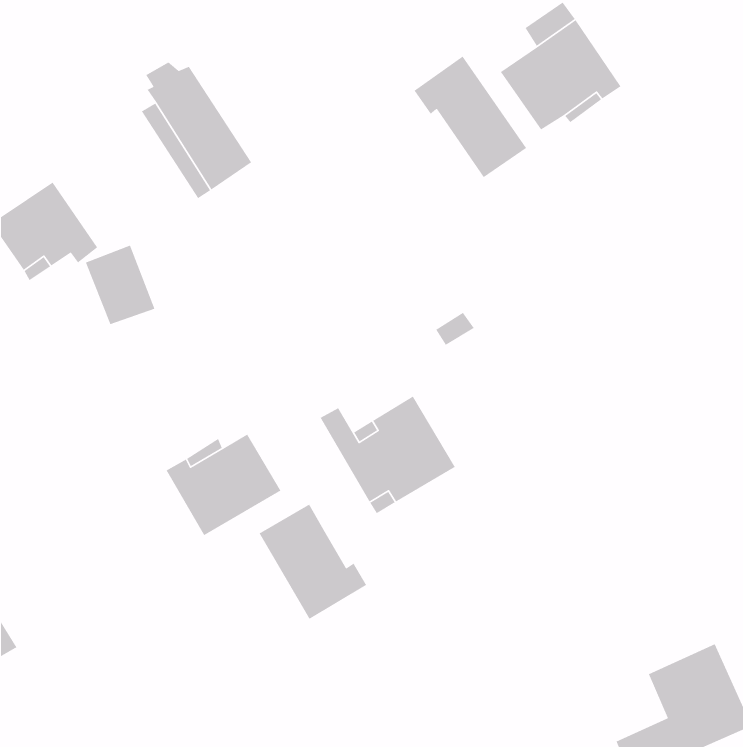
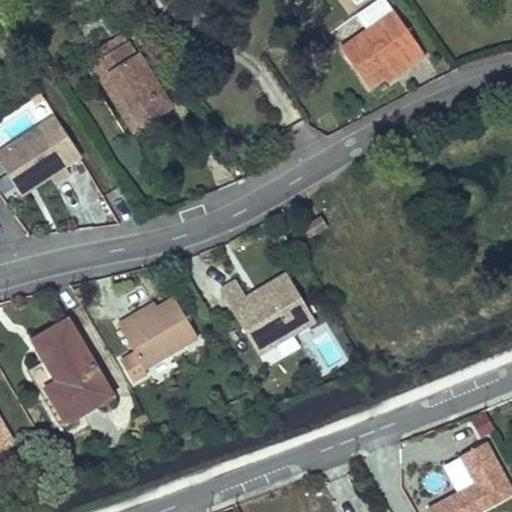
building: [413,56,527,178] -> none
building: none -> [26,319,111,426]
building: [258,504,367,620] -> none

